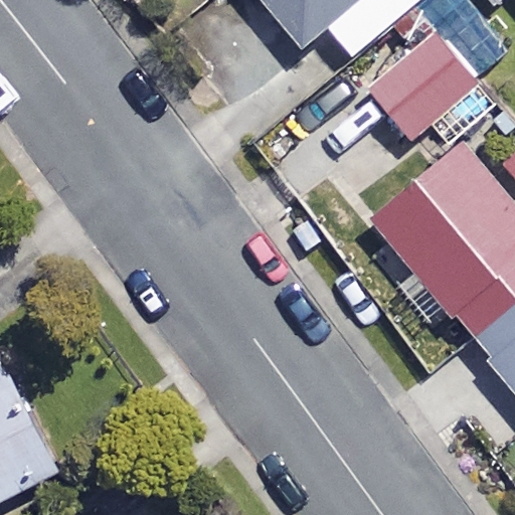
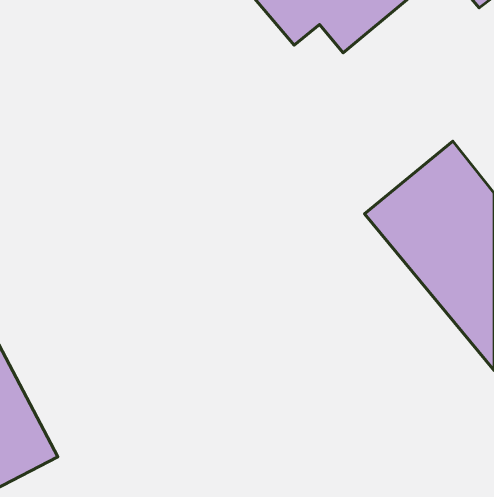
building: [371,35,492,138] -> none

